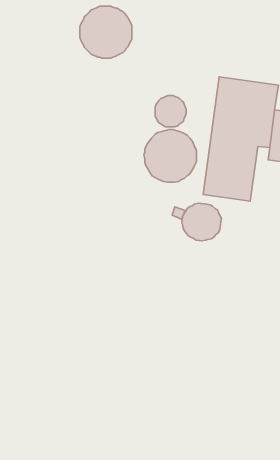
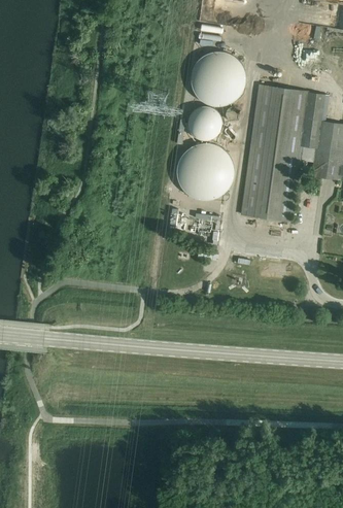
building: [80,6,132,58] -> [190,47,246,104]
building: [182,203,221,241] -> none

